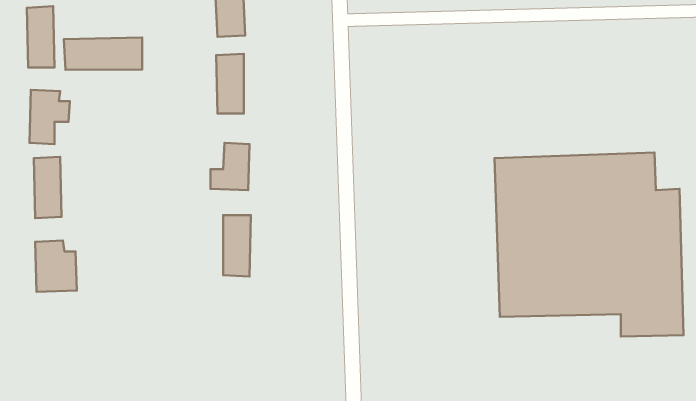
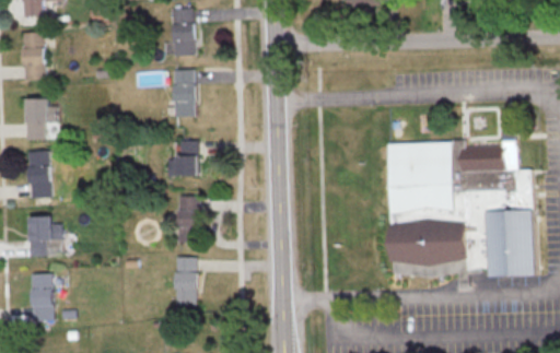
building: [64,38,142,70] -> none
building: none -> [175,257,196,304]
building: none -> [31,273,52,321]

